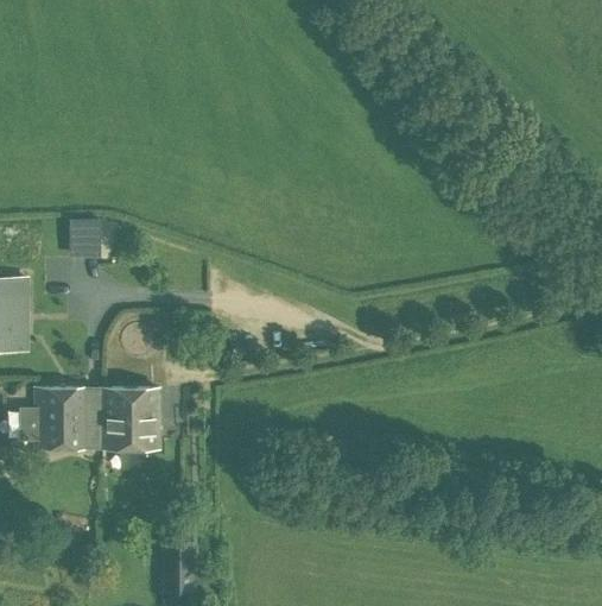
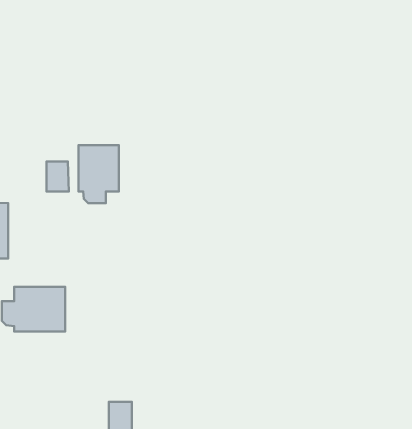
building: none -> [78,145,119,203]
building: [103,389,158,448] -> none

